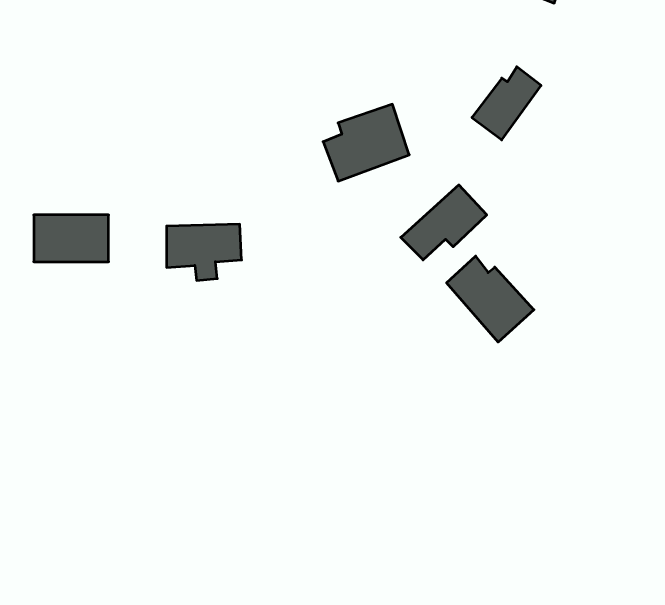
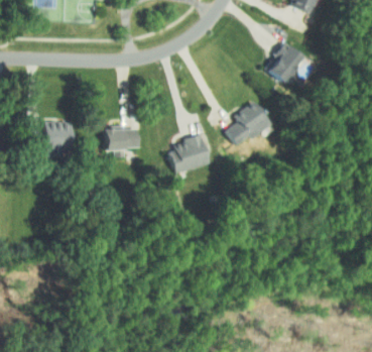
building: [323,104,409,181] -> [166,134,213,175]
building: [447,256,534,342] -> none

